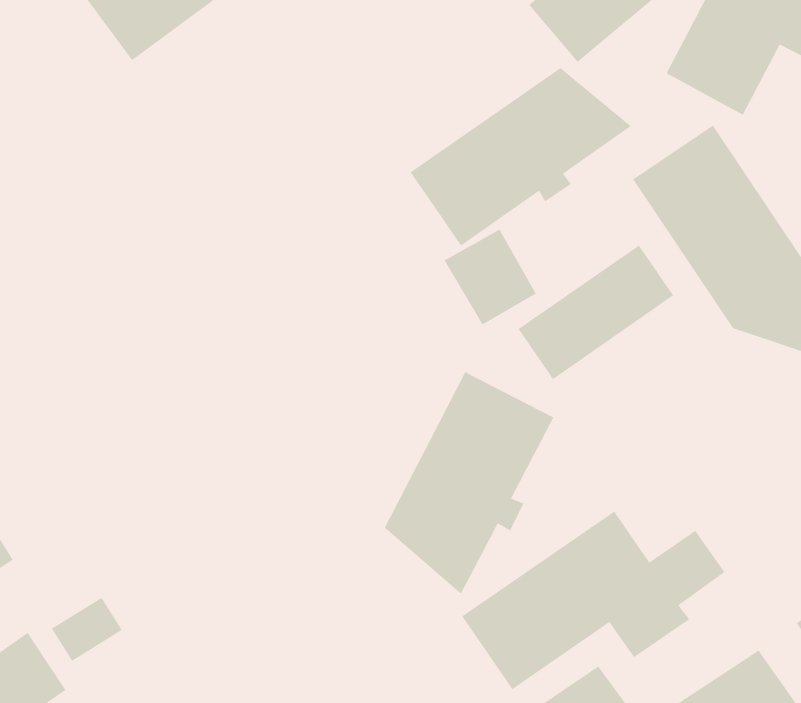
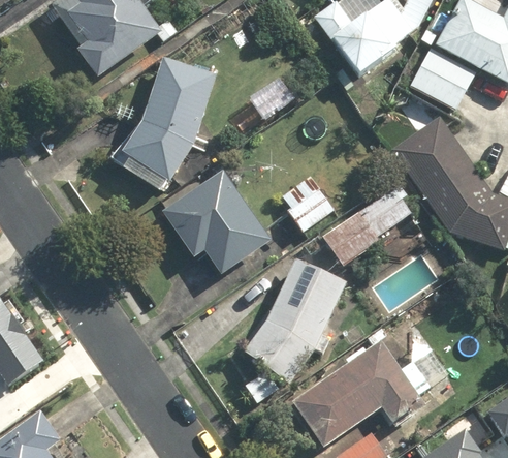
building: none -> [118,60,214,187]
building: [410,67,632,247] -> none
building: none -> [160,169,272,275]

